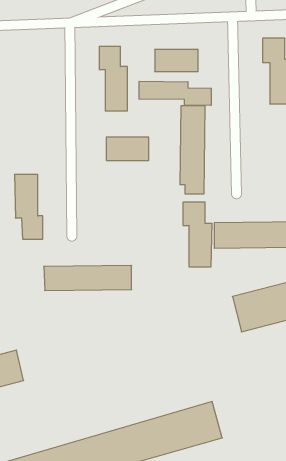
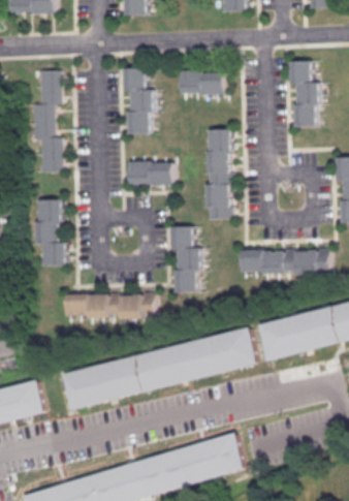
building: none -> [32,70,62,171]
building: [139,81,211,105] -> none
building: [183,202,212,267] -> [170,226,200,292]
building: none -> [63,327,258,410]

